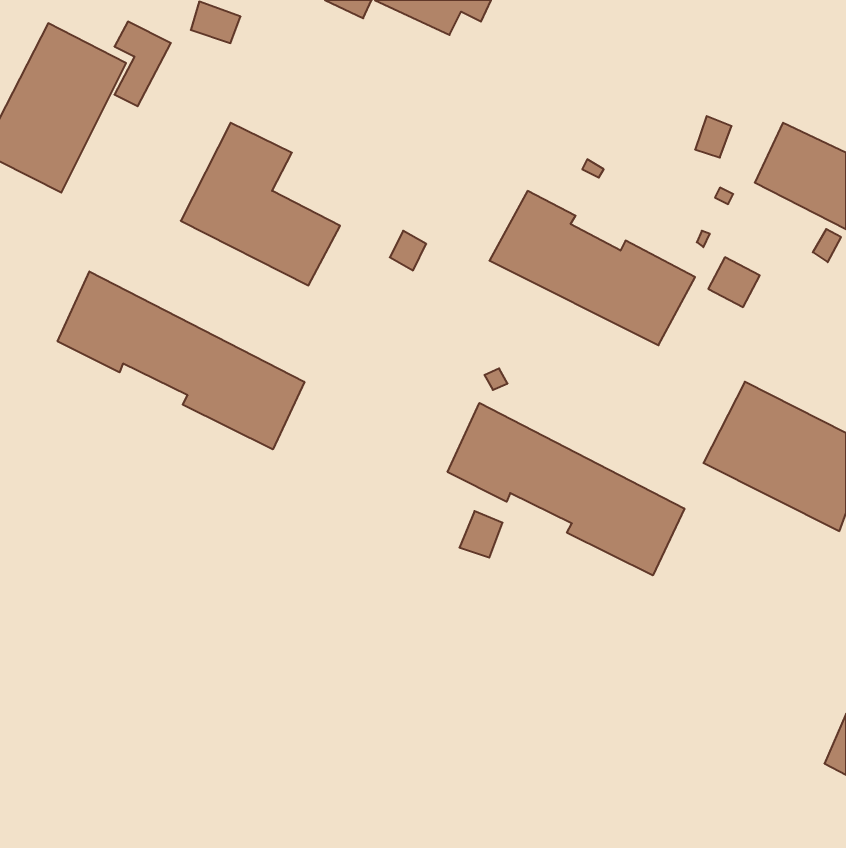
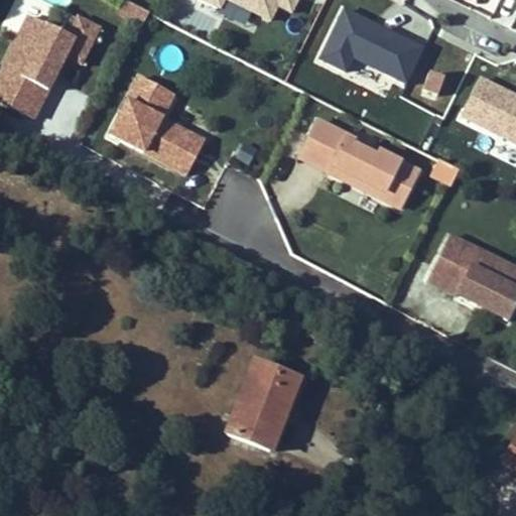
building: none -> [316,5,426,84]
building: [58,271,304,449] -> none
building: [448,403,684,575] -> none
building: none -> [224,356,306,455]

